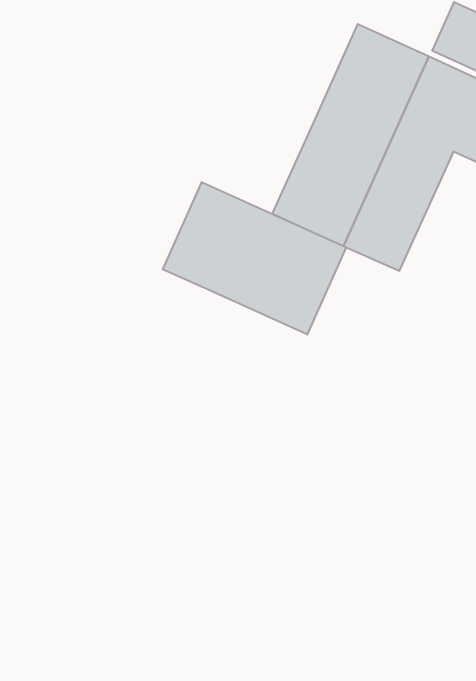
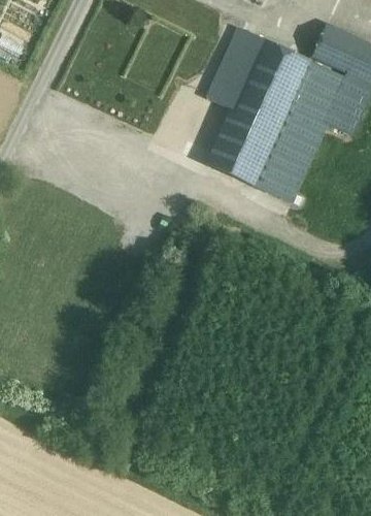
building: none -> [207,27,262,108]
building: [163,182,346,335] -> none

